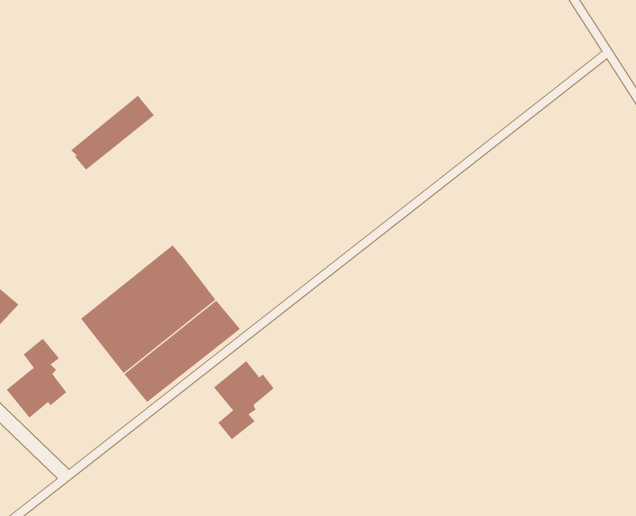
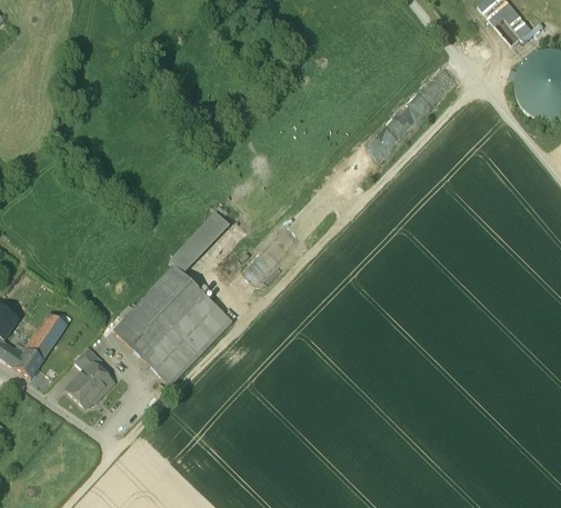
building: [71,95,155,170] -> [170,211,229,272]
building: [213,360,275,440] -> none

